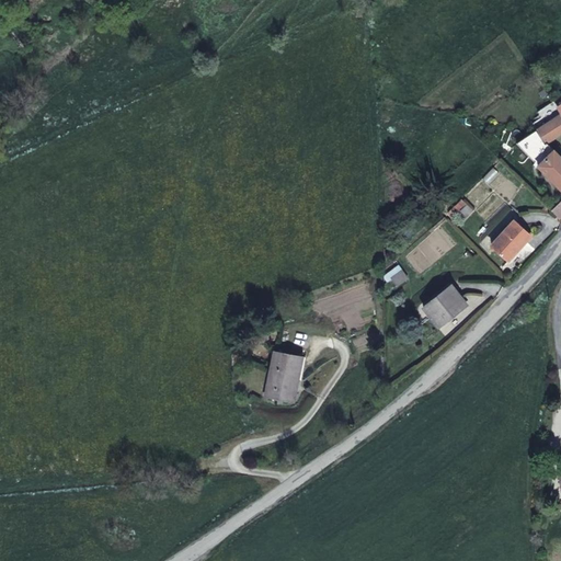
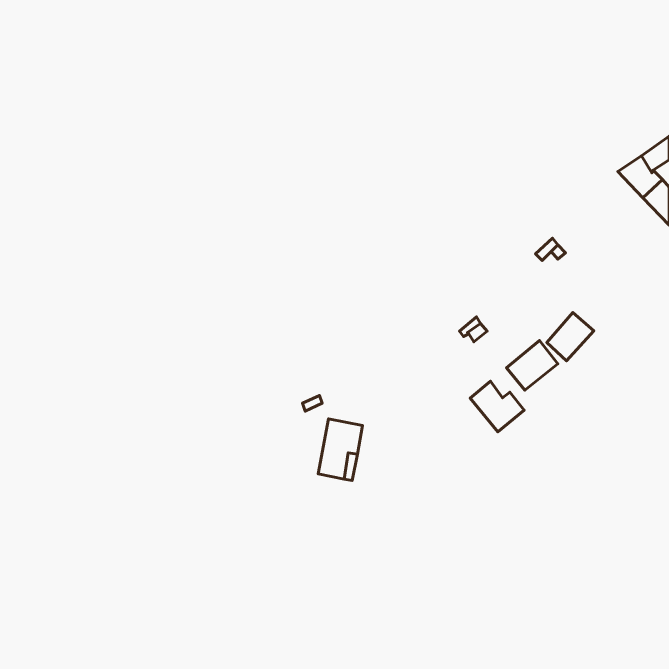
building: [492,220,531,261] -> [547,312,594,361]
building: none -> [470,381,524,432]

